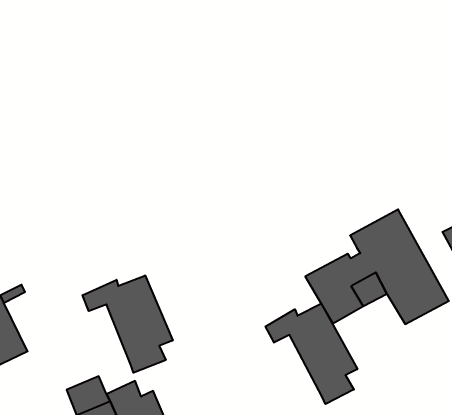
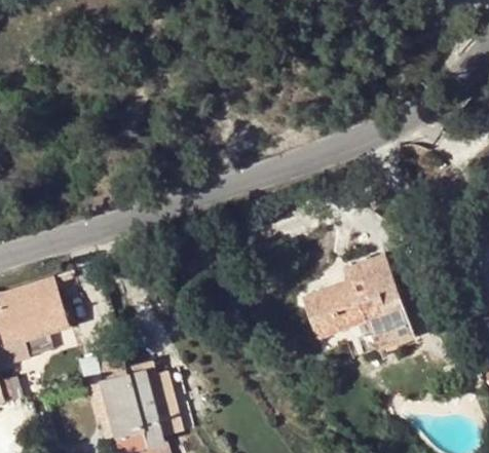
building: [83,275,173,373] -> none
building: [266,304,357,404] -> none

